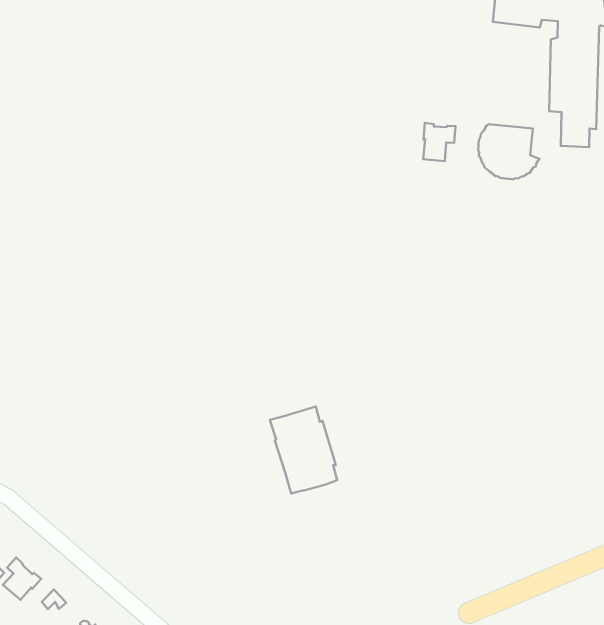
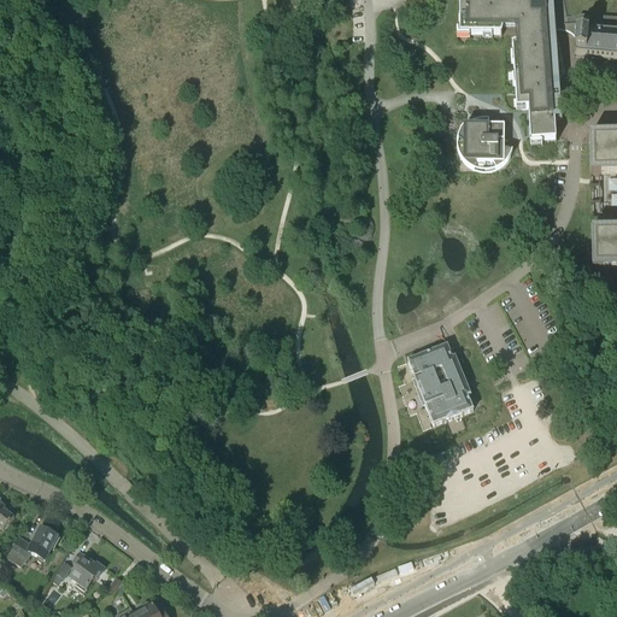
building: [423,123,455,161] -> none
building: [270,407,337,493] -> [407,341,472,421]

